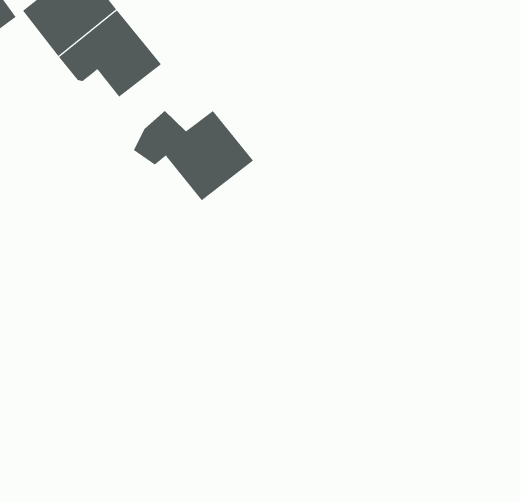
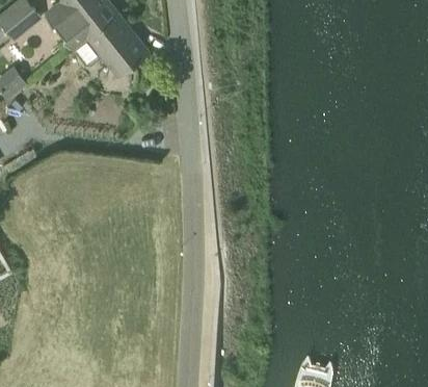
building: [133,110,254,201] -> none

